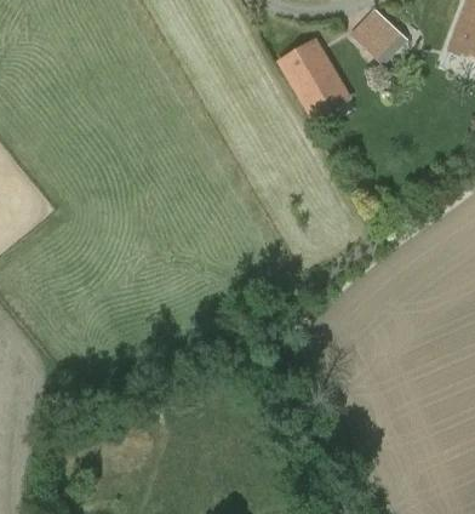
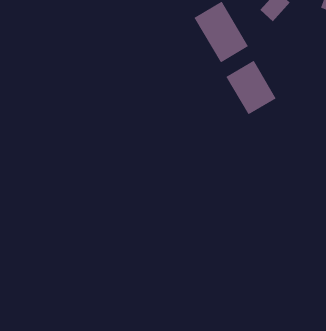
building: none -> [226,60,277,115]

